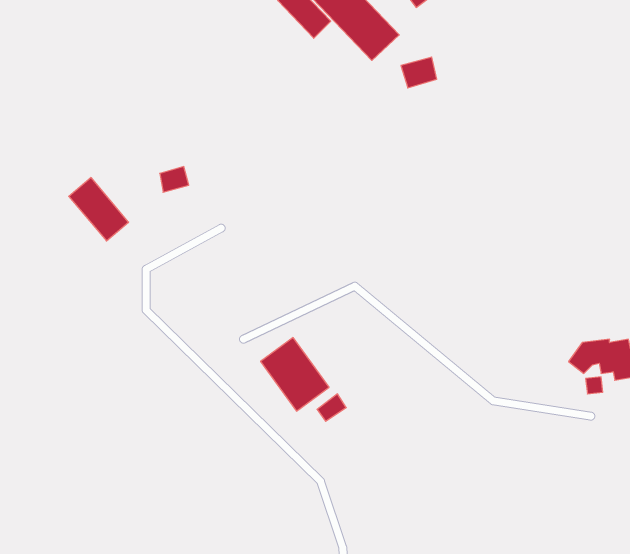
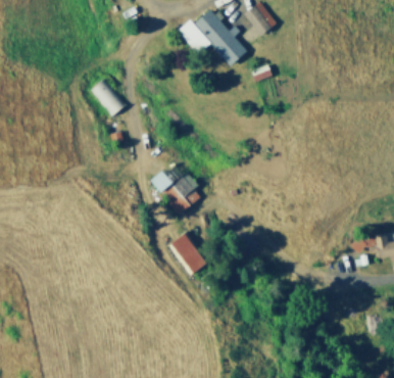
building: [69,178,129,241] -> [90,79,126,116]
building: none -> [151,171,200,216]

